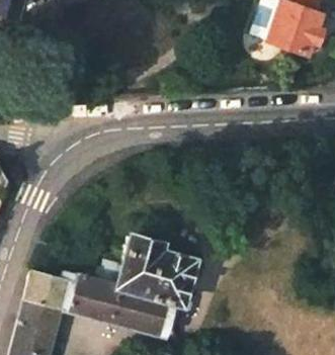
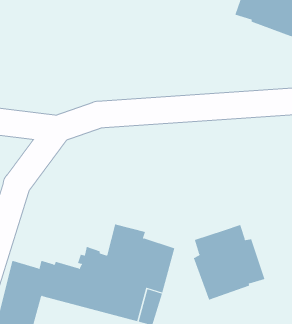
building: none -> [193,224,265,300]

